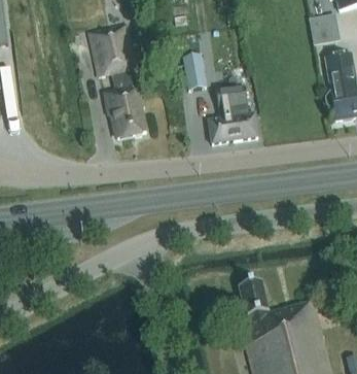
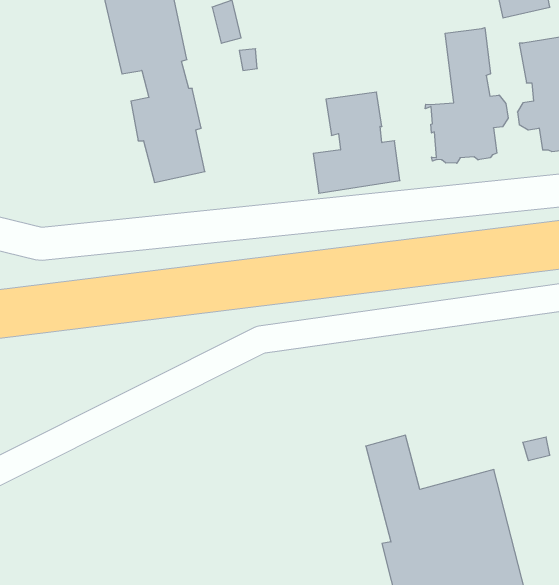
building: none -> [425,28,508,163]
building: [181,53,204,88] -> none

